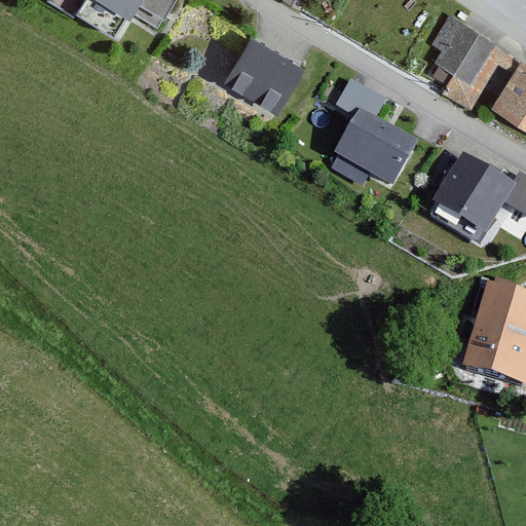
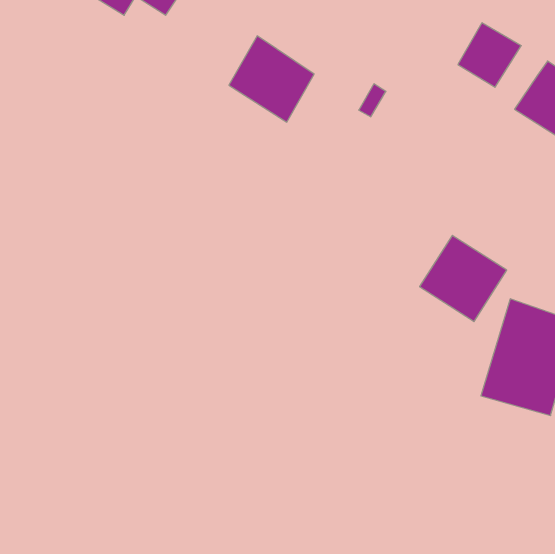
building: [441,43,518,107] -> none
building: [338,110,418,183] -> none
building: [436,153,518,234] -> [420,235,507,322]

